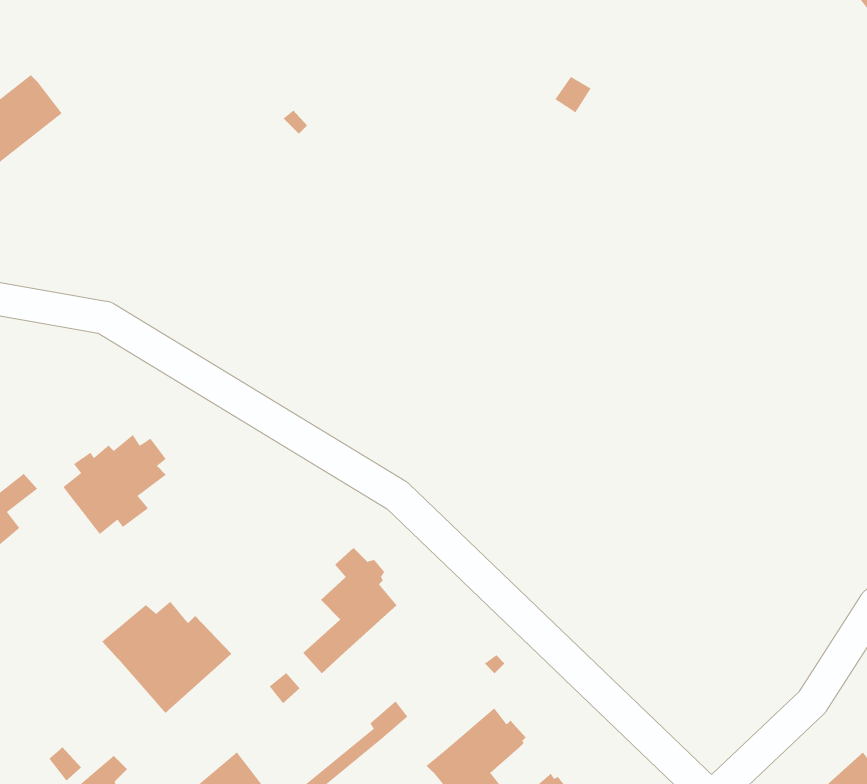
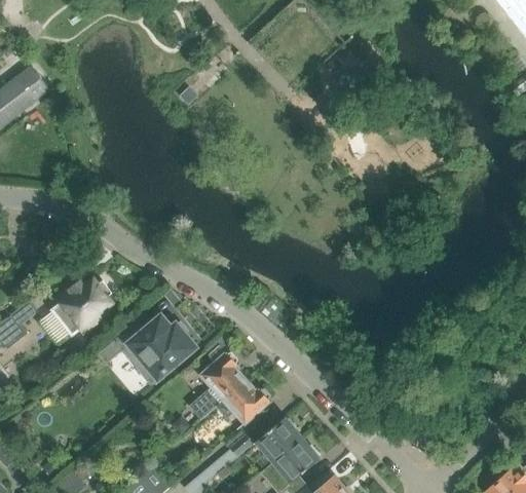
building: [102,601,232,714] -> [113,316,189,382]
building: none -> [215,379,271,424]
building: none -> [257,418,302,462]

